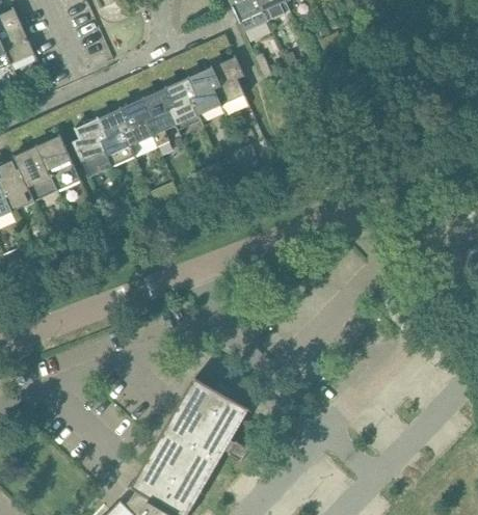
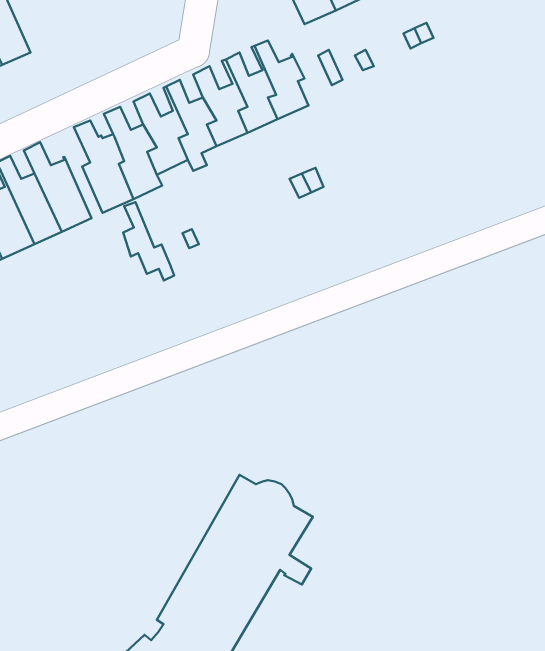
building: none -> [123,202,174,281]

